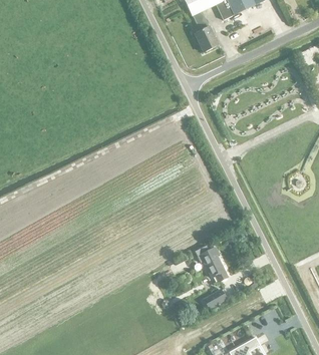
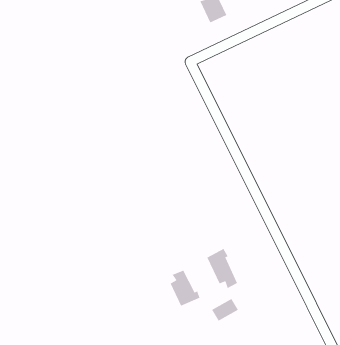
building: none -> [170,270,200,307]

